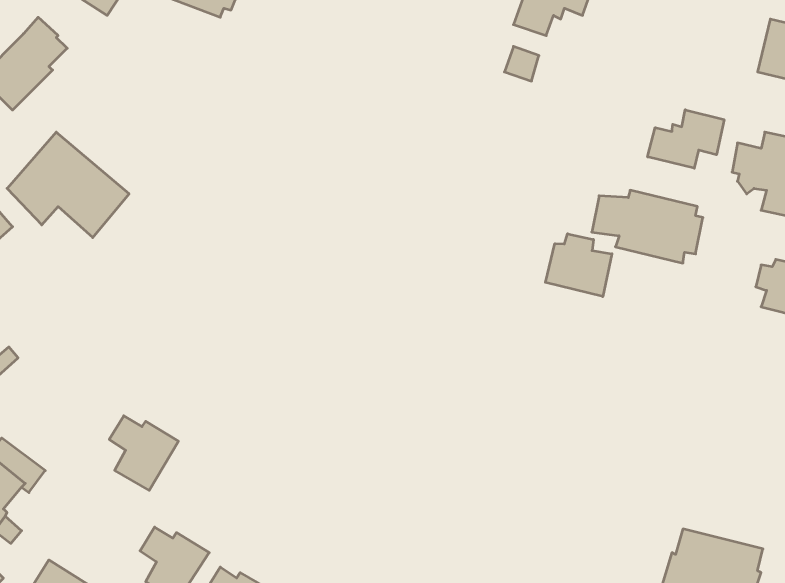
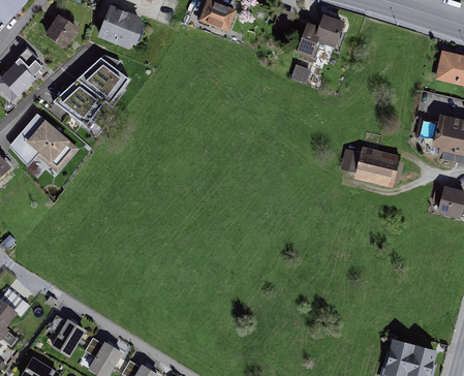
building: none -> [53,55,128,126]
building: [648,110,724,168] -> none
building: [545,234,612,297] -> none
building: [109,416,178,490] -> [47,315,86,357]

